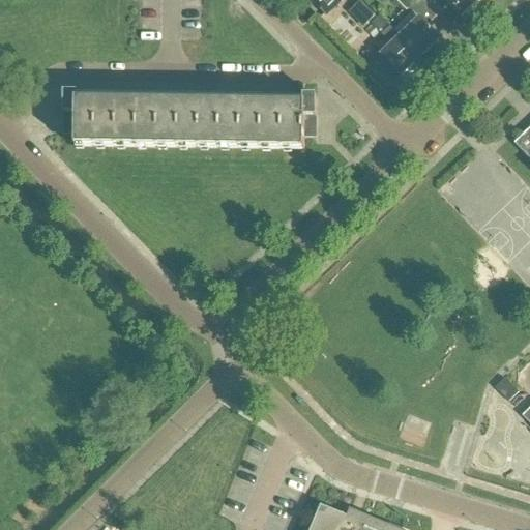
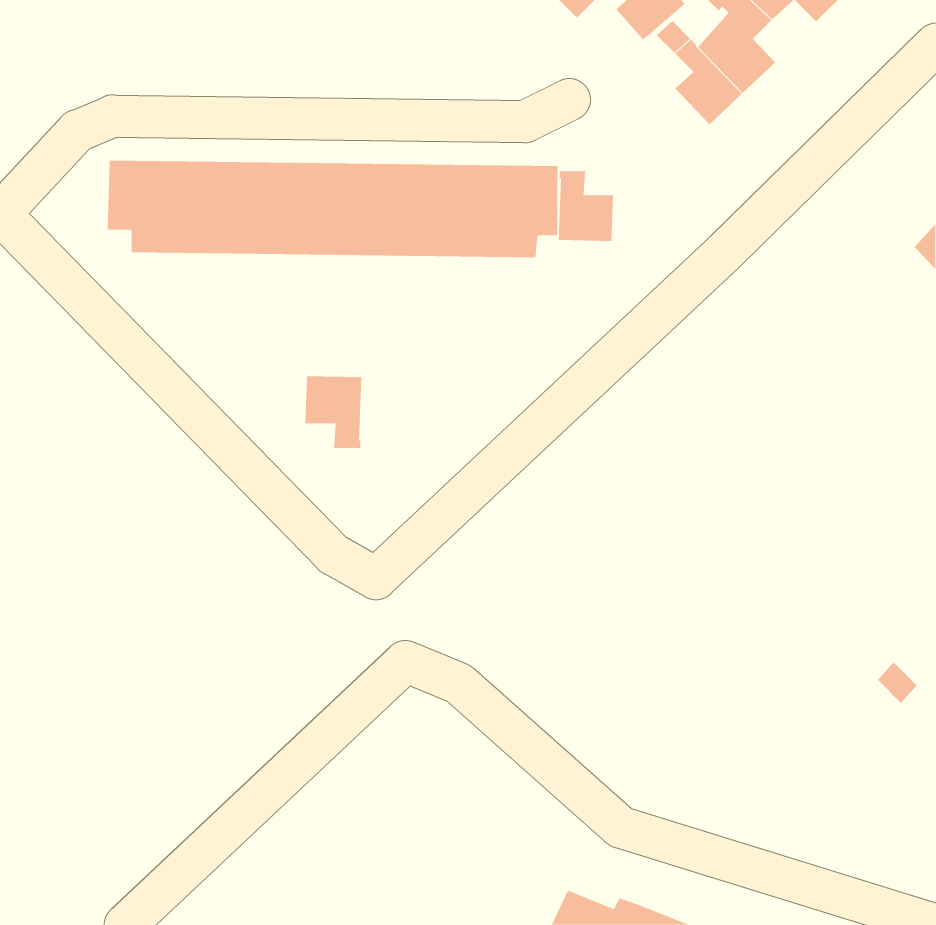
building: none -> [558,170,613,242]
building: none -> [305,375,362,449]

